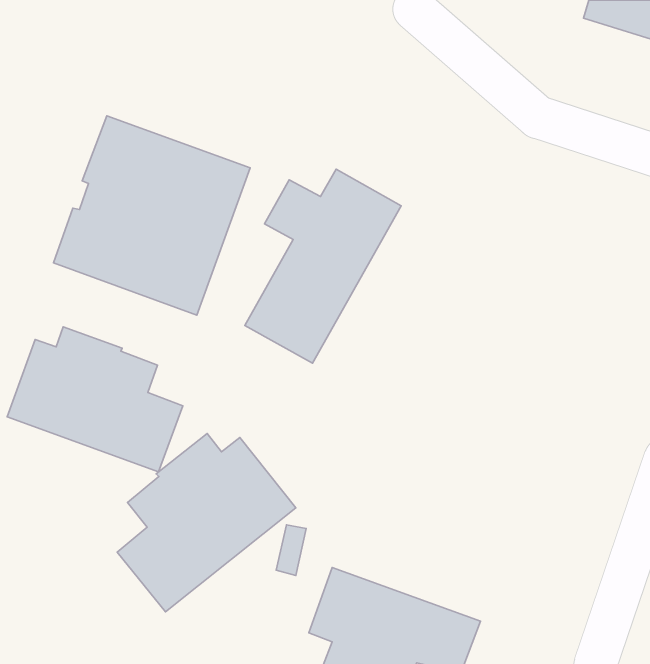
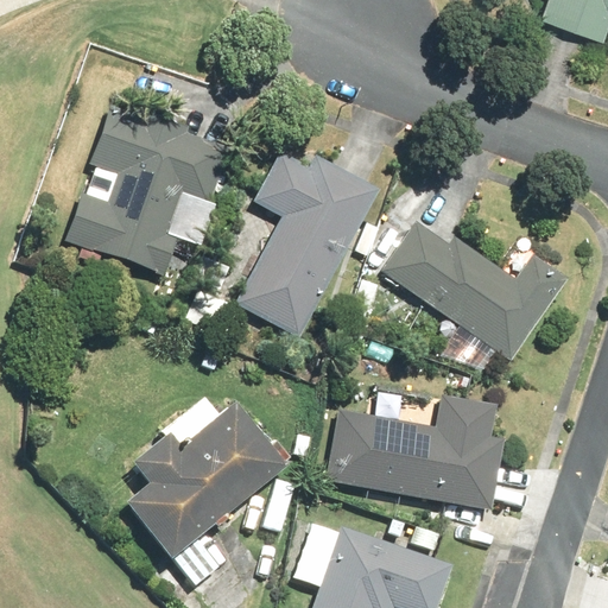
building: none -> [381,221,565,374]
building: [7,327,183,472] -> none
building: none -> [325,394,505,527]

